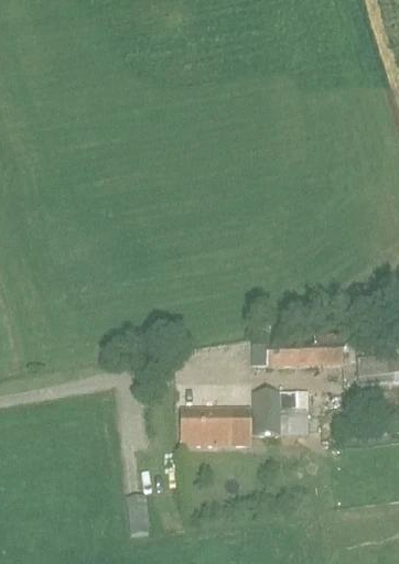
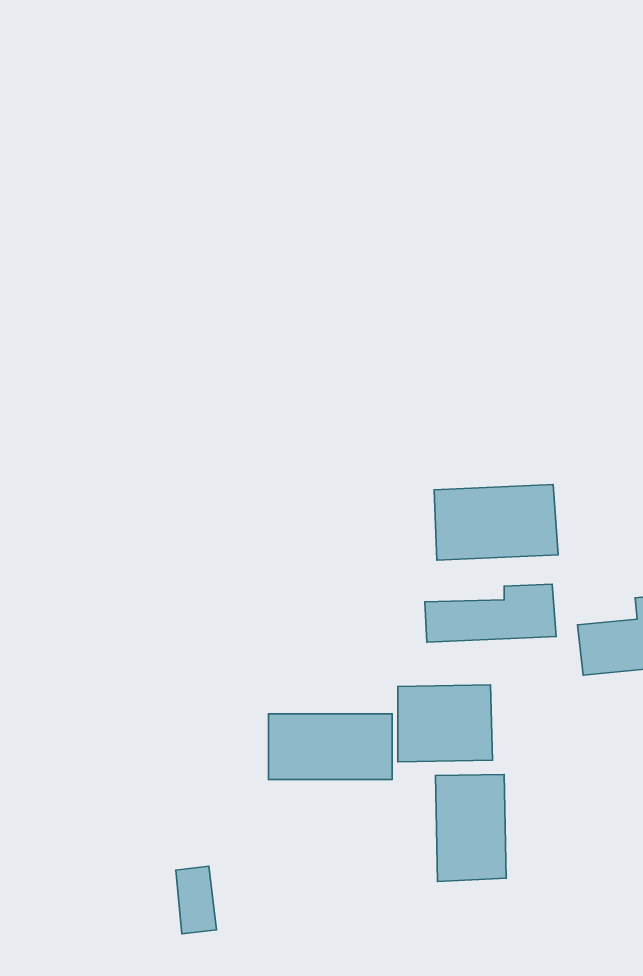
building: none -> [434,485,558,560]
building: none -> [435,775,506,881]

